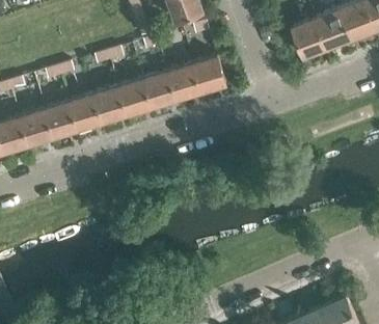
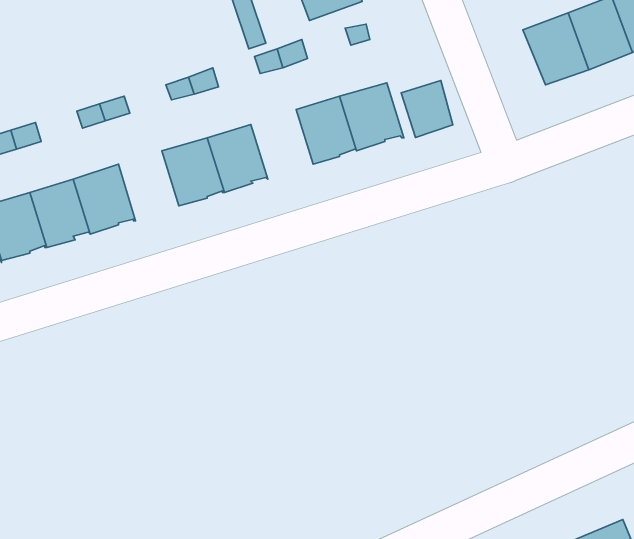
building: none -> [401,80,453,137]
building: [141,70,175,108] -> none
building: [69,92,102,131] -> none

